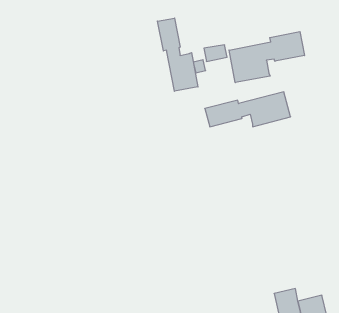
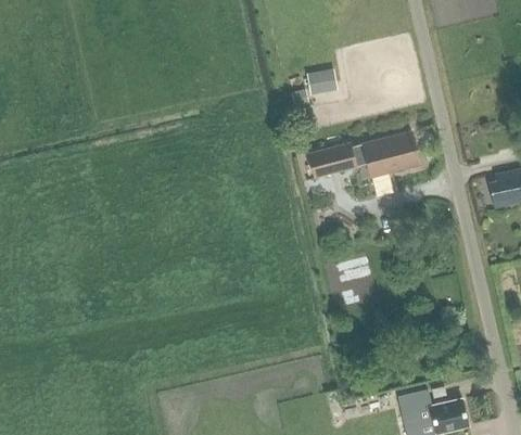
building: [157,18,198,91] -> none
building: [229,32,304,83] -> none

